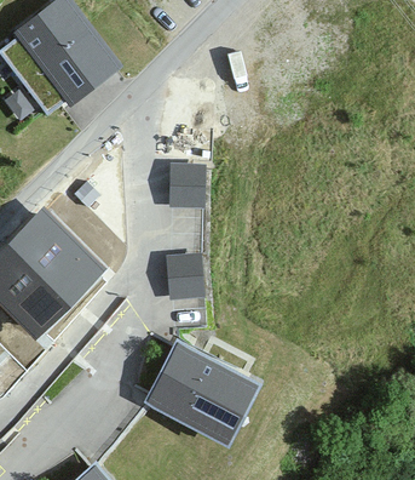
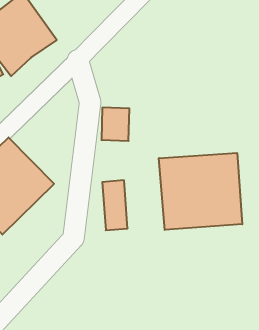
building: none -> [159,153,242,230]
building: [152,348,250,434] -> none

